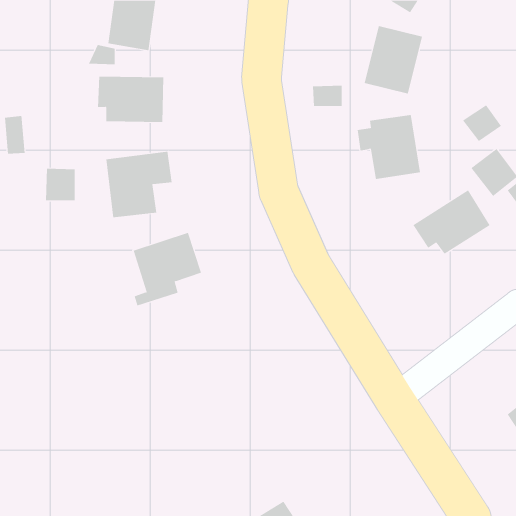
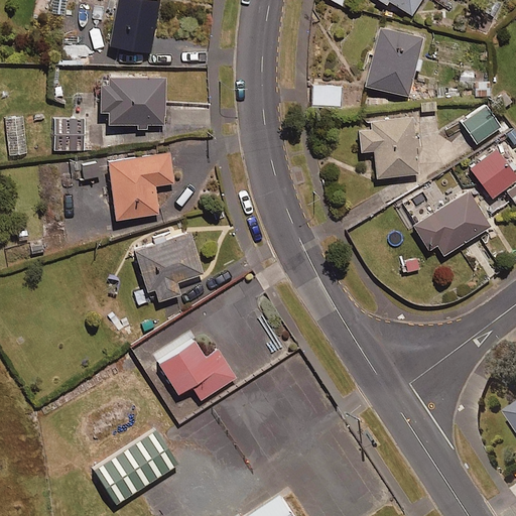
building: [45,168,76,201] -> [53,118,84,150]
building: none -> [159,341,236,400]
building: none -> [93,429,176,504]

